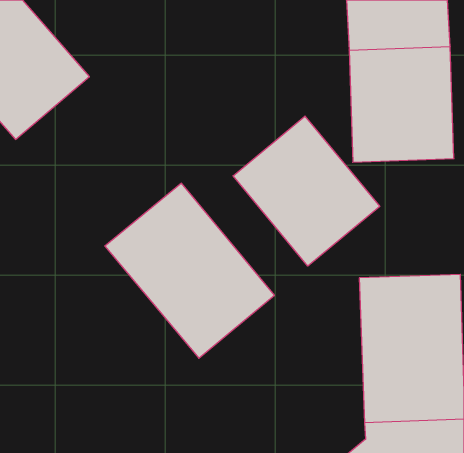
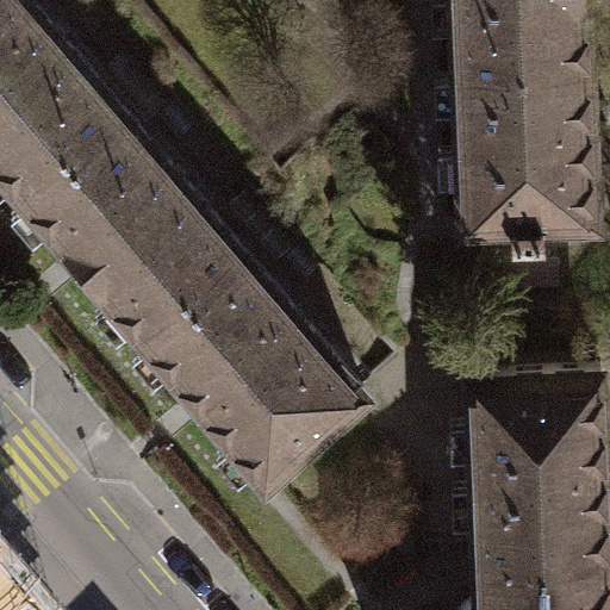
building: none -> [20,117,237,338]
building: [233,116,380,266] -> none

